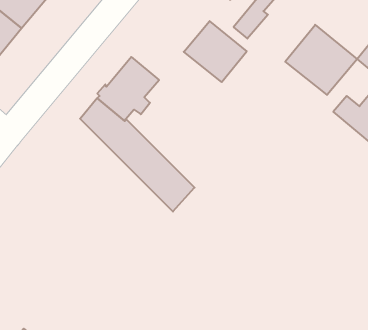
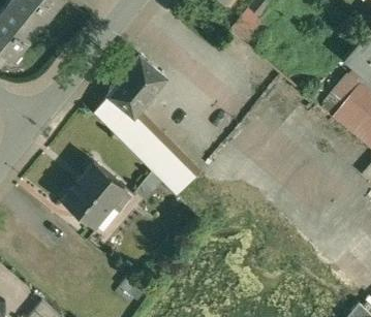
building: [184,21,247,82] -> none
building: [285,25,357,95] -> none
building: none -> [63,163,133,225]

